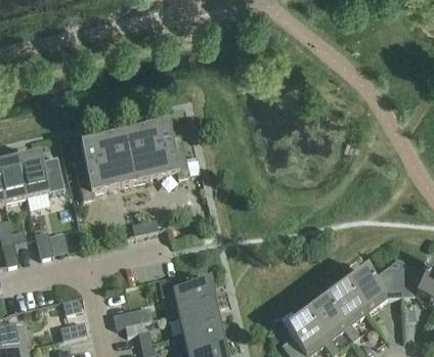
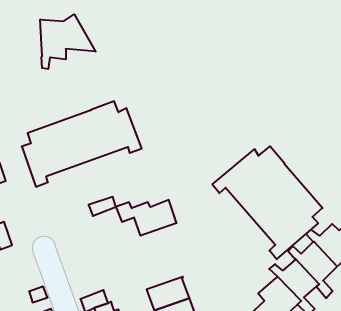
building: none -> [40,14,96,69]
building: none -> [212,146,323,259]
building: [159,279,216,313] -> [116,200,177,236]

